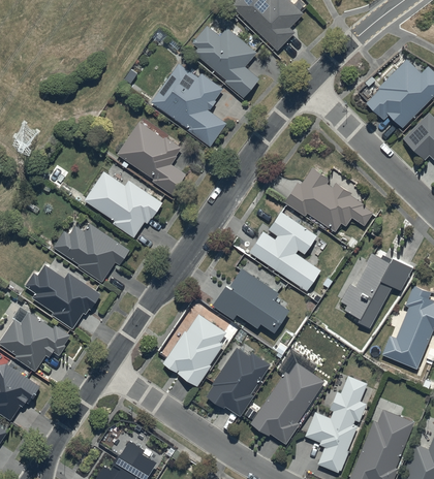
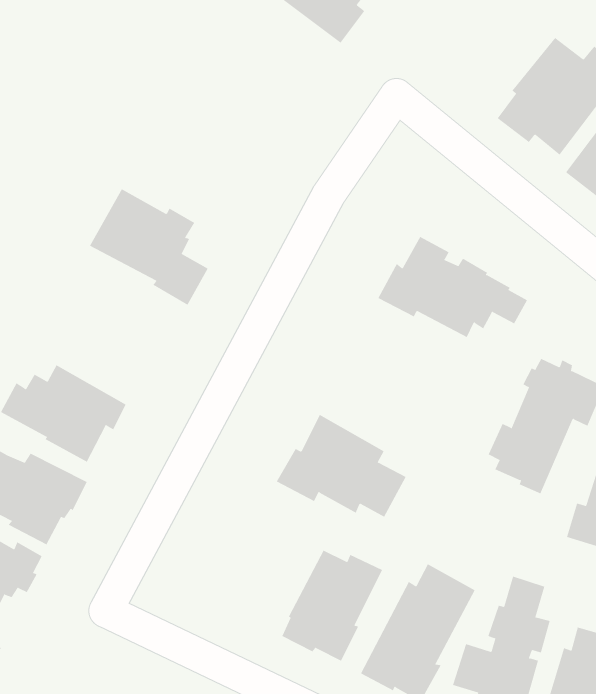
building: [192,25,259,97] -> none
building: [151,63,227,147] -> none
building: [85,171,162,237] -> none
building: [250,212,320,292] -> none
building: [163,314,226,386] -> none

